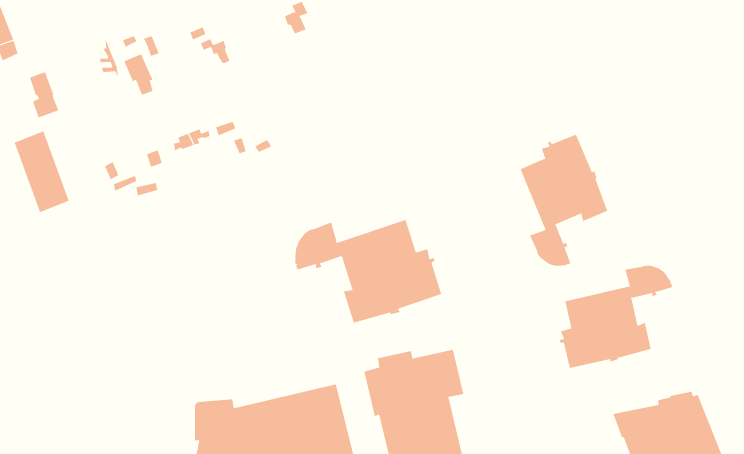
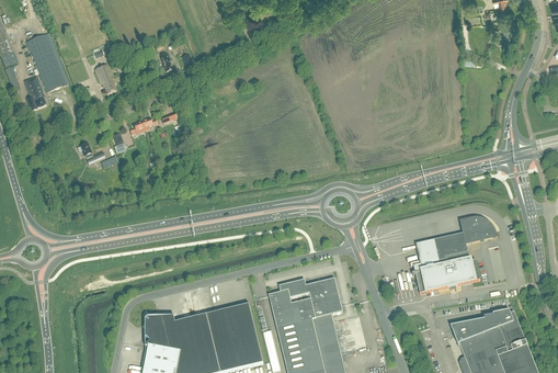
building: [14,130,69,213] -> [26,32,67,92]
building: [520,134,608,266] -> none
building: [295,219,442,324] -> none

